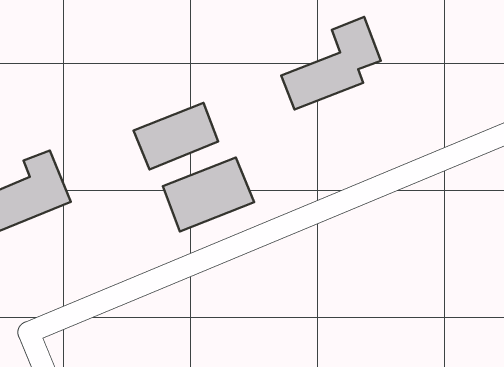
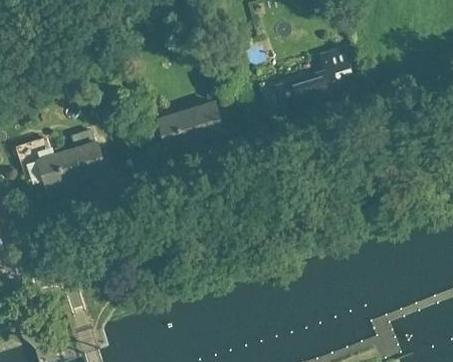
building: [163,158,254,232] -> none

